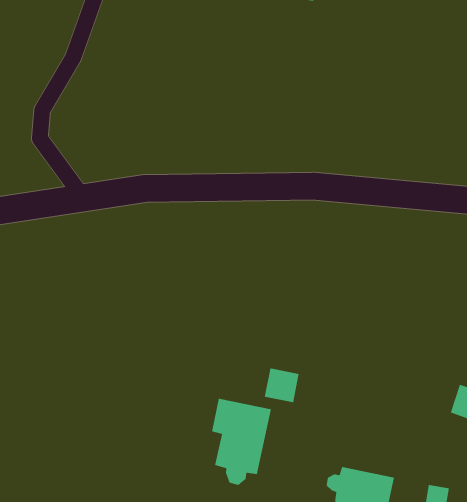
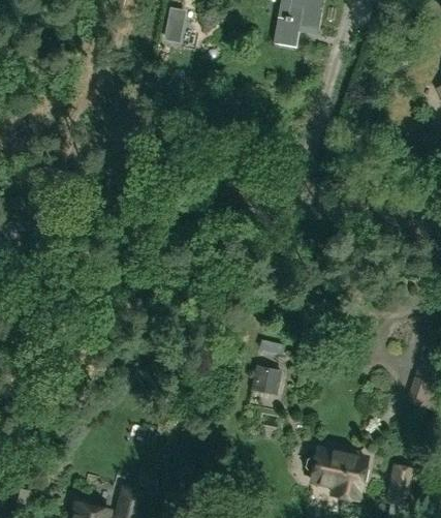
building: [211,398,272,486] -> none

